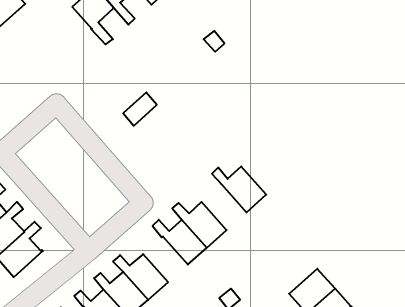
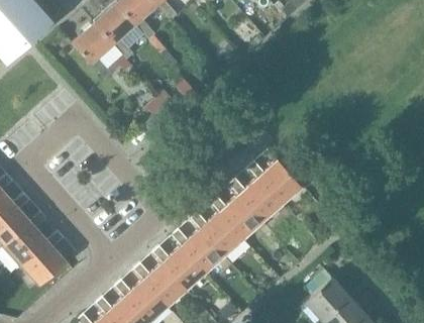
building: none -> [73,23,114,80]
building: none -> [248,159,302,205]
building: none -> [211,195,263,239]
building: none -> [153,245,207,290]

